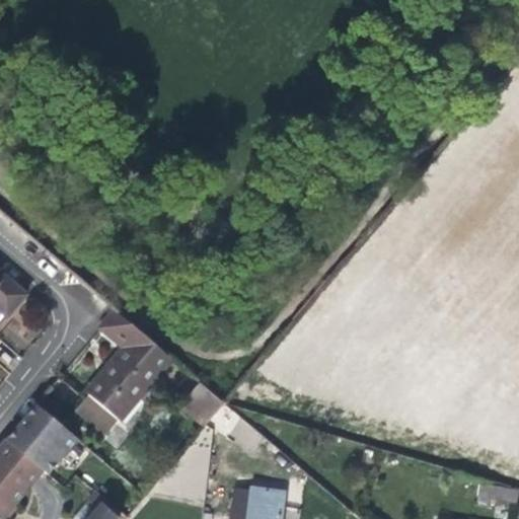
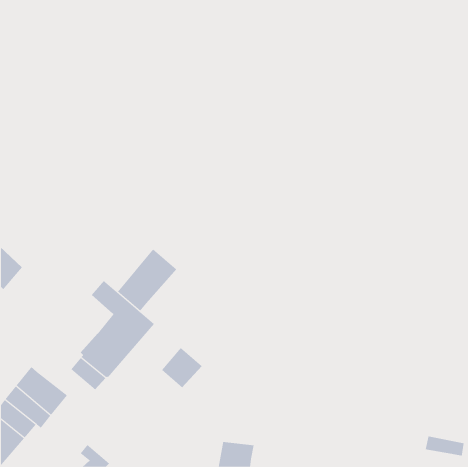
building: none -> [117,249,177,312]

